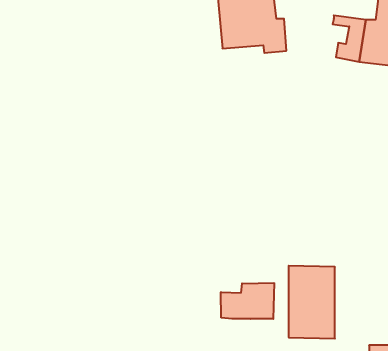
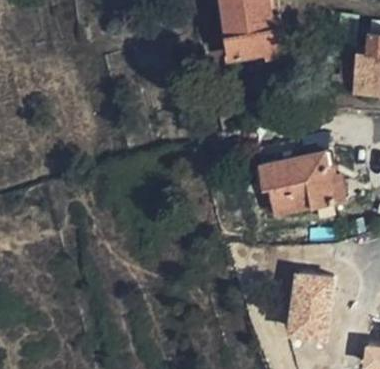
building: none -> [253,148,338,204]
building: [221,283,274,319] -> none

